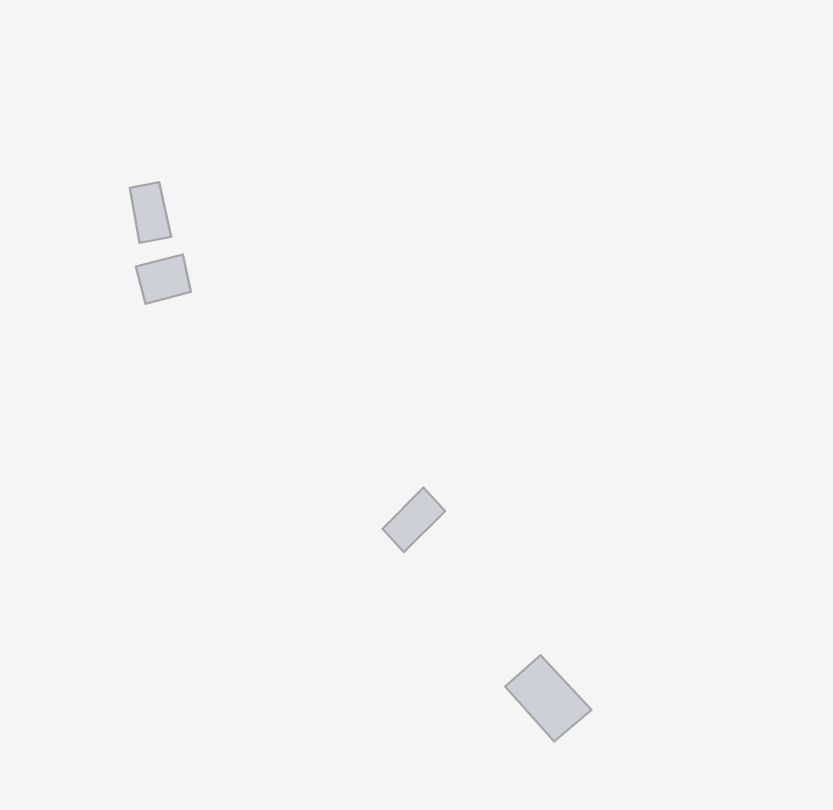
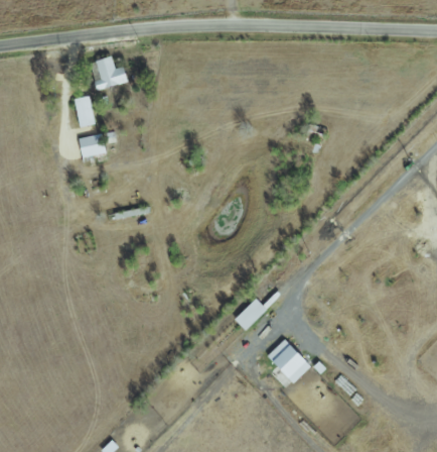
building: none -> [95,56,127,90]
building: [382,487,445,552] -> [235,298,267,331]

